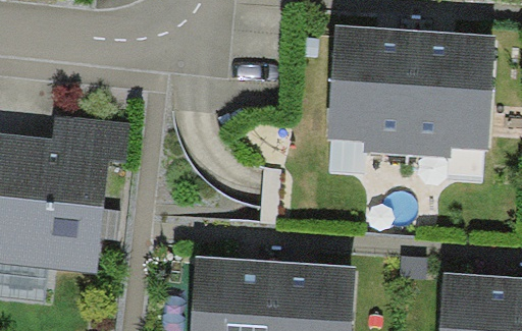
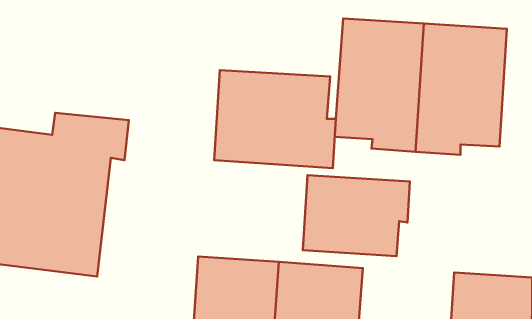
building: none -> [214,70,336,168]
building: none -> [303,175,410,256]

